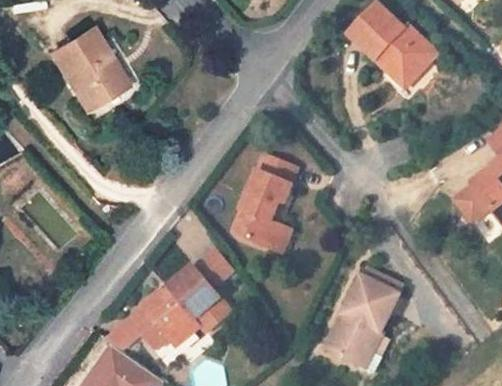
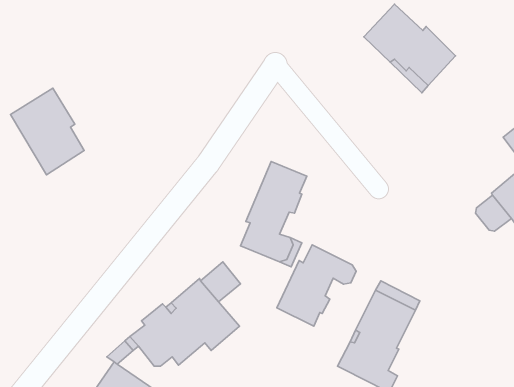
building: [49,29,119,111] -> [11,88,84,175]
building: none -> [277,245,356,326]

